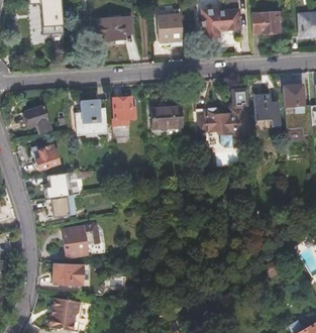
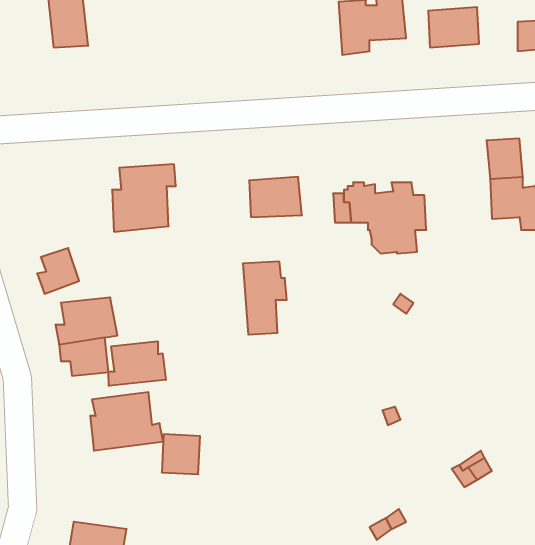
building: [157,13,181,40] -> none
building: [95,16,131,42] -> none
building: [252,92,279,124] -> none
building: [111,97,135,137] -> [243,262,287,335]
building: [20,104,50,132] -> none
building: none -> [108,341,166,386]
building: [52,261,74,284] -> [162,434,200,474]

